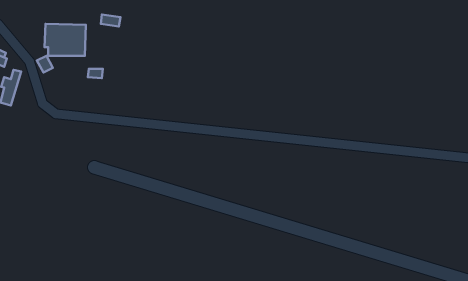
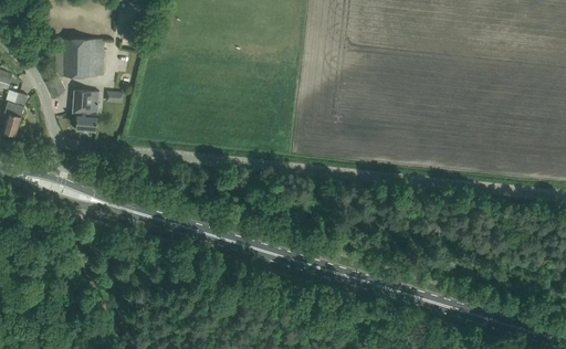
building: none -> [72,89,98,131]

